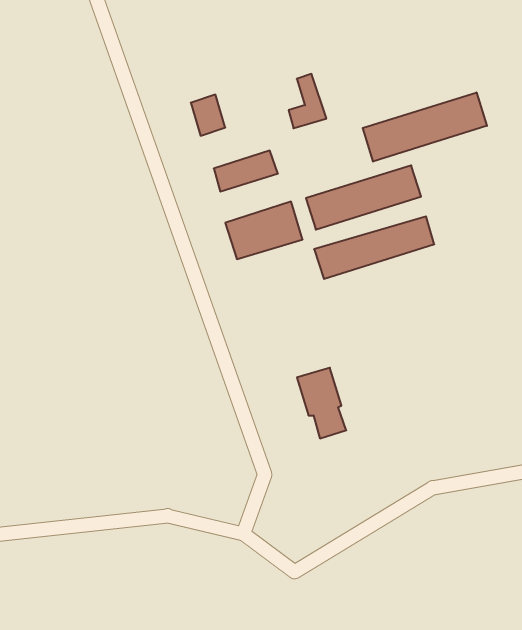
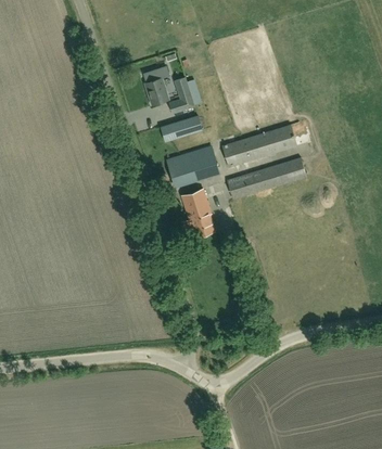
building: [289,74,326,128] -> [169,78,194,114]
building: [363,92,487,162] -> none
building: [297,368,346,438] -> [181,189,214,235]

